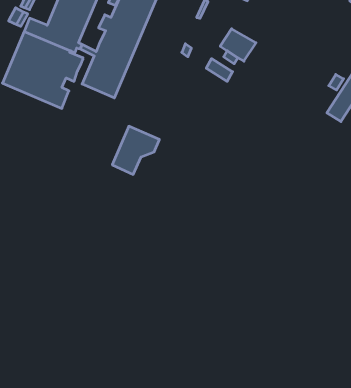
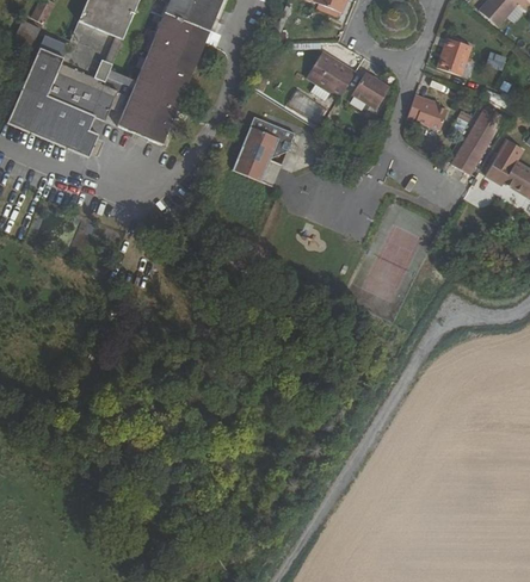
building: none -> [439,37,472,75]
building: none -> [350,69,387,105]
building: none -> [406,93,446,130]
building: [112,126,159,174] -> [229,113,294,179]

